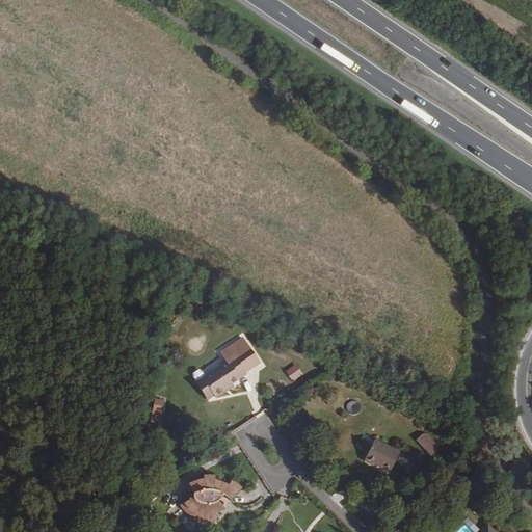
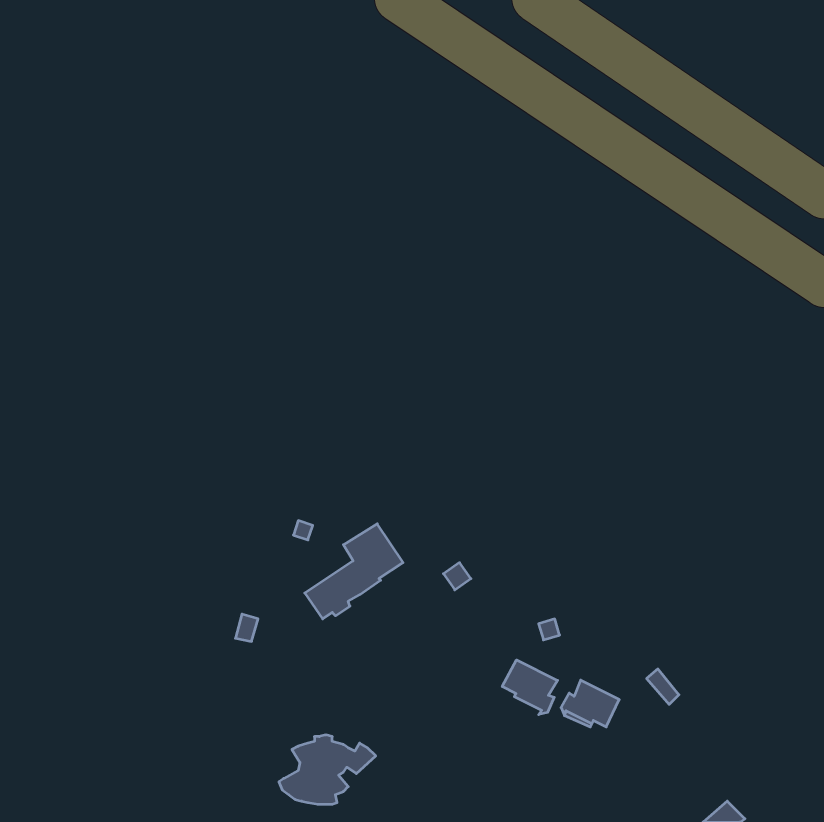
building: none -> [502,660,558,715]

